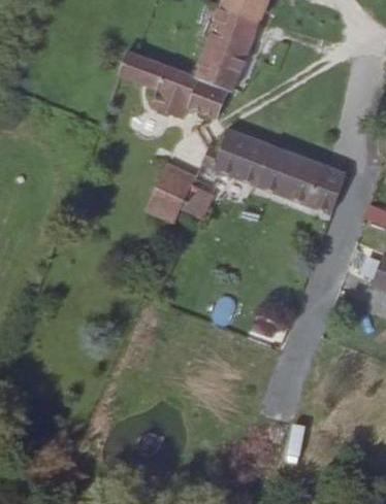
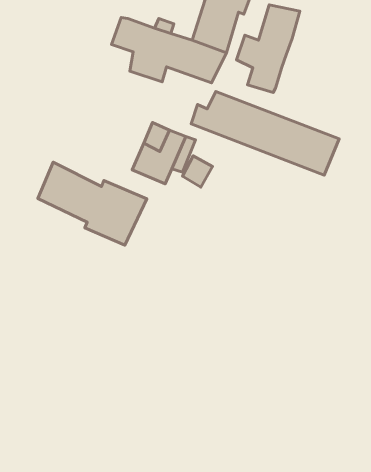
building: none -> [236,5,300,93]
building: none -> [38,162,147,245]

